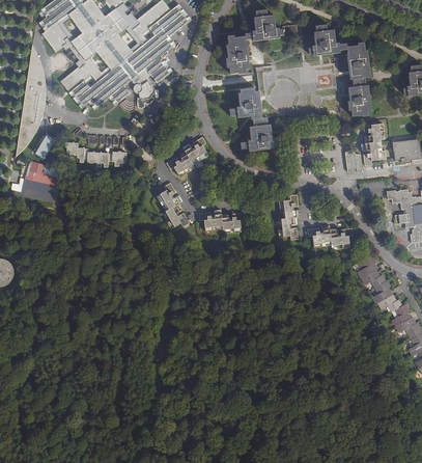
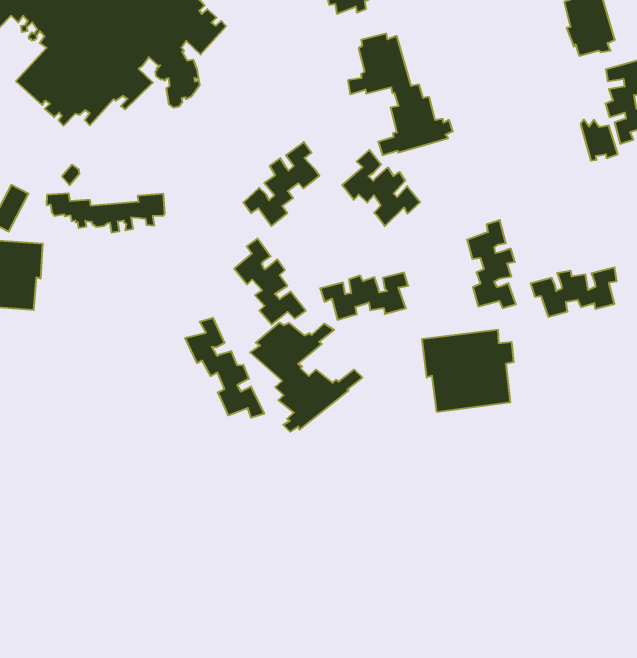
building: none -> [342,150,420,226]
building: none -> [185,318,264,418]
building: none -> [250,323,362,432]
building: none -> [422,330,514,412]

